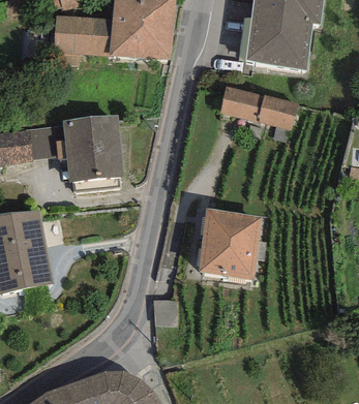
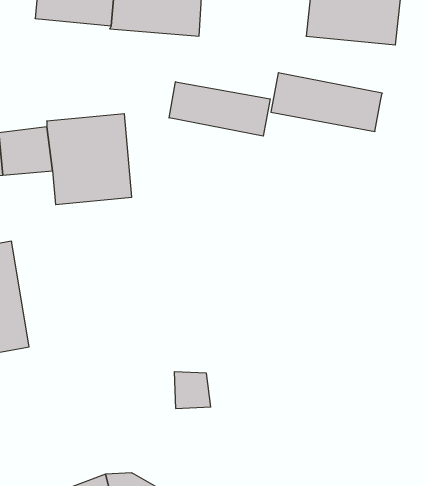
building: none -> [169,82,270,136]
building: [199,211,261,279] -> none

